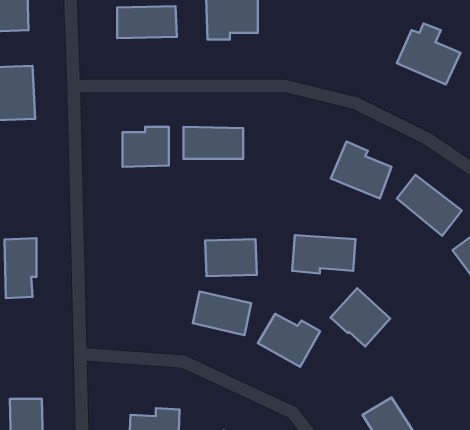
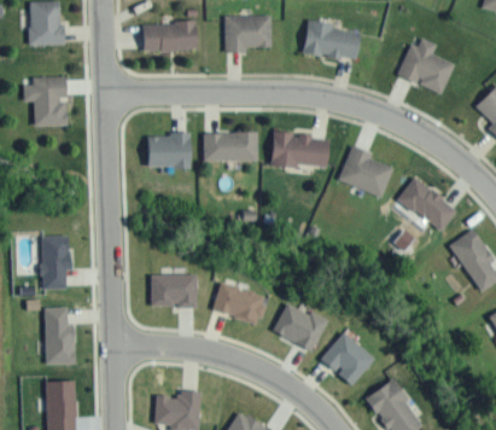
building: none -> [303,23,361,62]
building: [292,235,356,273] -> [272,134,329,169]
building: [205,239,257,276] -> [150,273,197,307]
building: [331,288,390,347] -> [320,331,374,384]
building: none -> [45,307,75,364]

